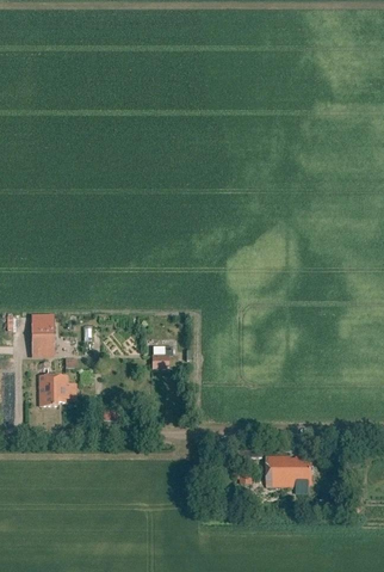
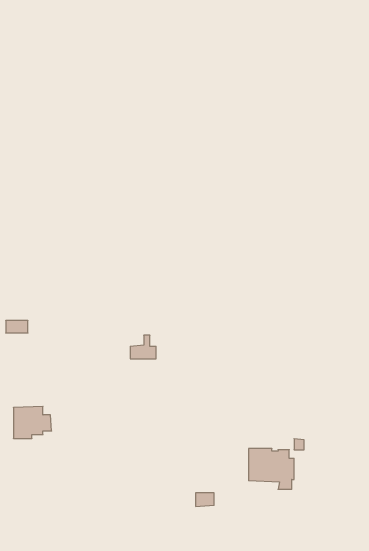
building: [39,374,76,405] -> [13,406,52,438]

